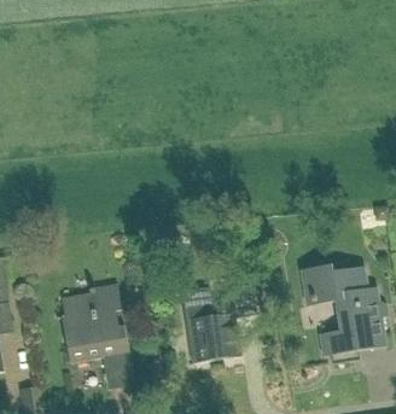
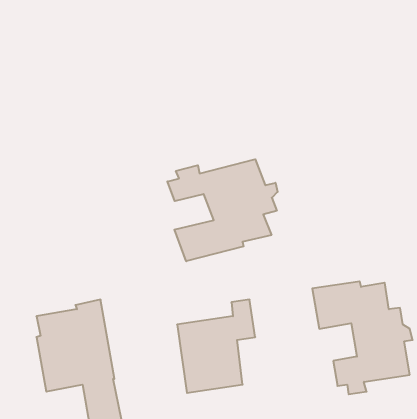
building: none -> [167,159,278,261]

